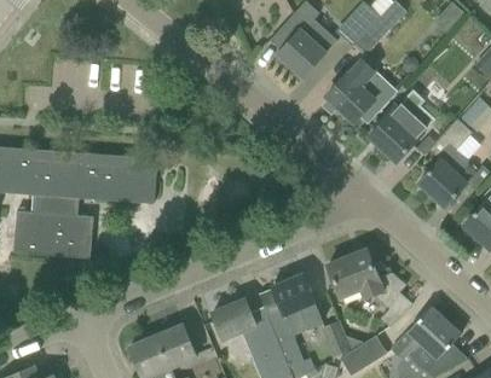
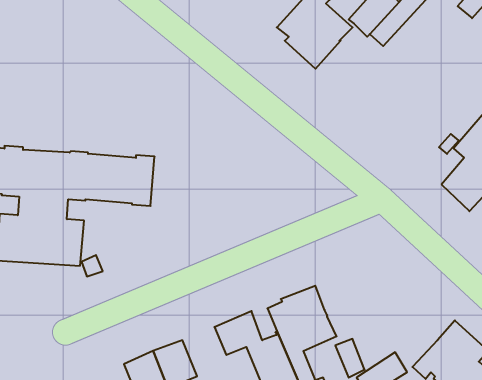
building: [325,58,397,123] -> none
building: [368,91,433,162] -> none
building: [328,249,412,327] -> none

